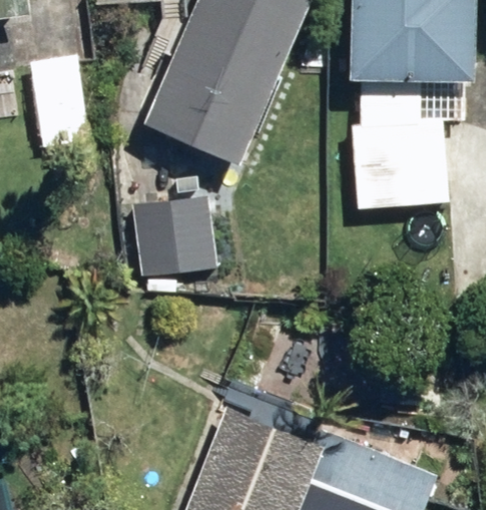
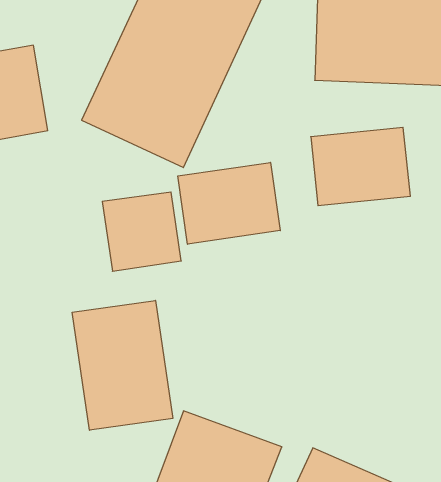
building: none -> [178,162,280,244]
building: none -> [72,300,173,430]

